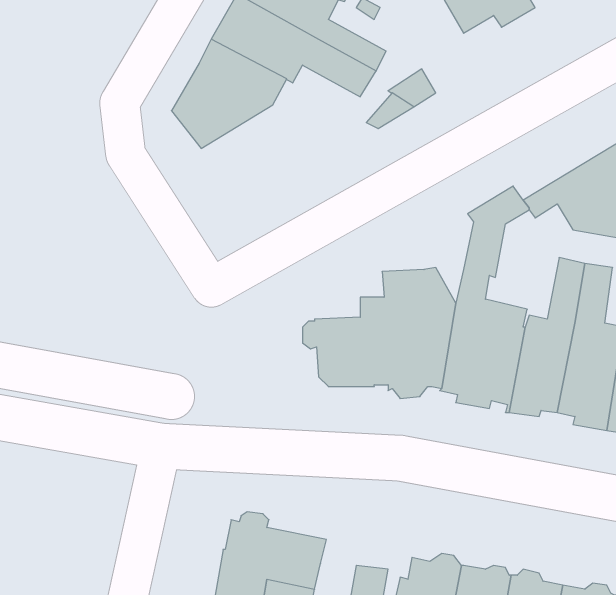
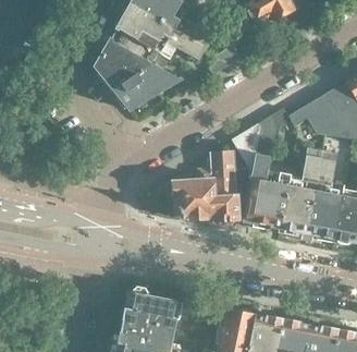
building: none -> [112,63,180,109]
building: none -> [232,123,261,172]

